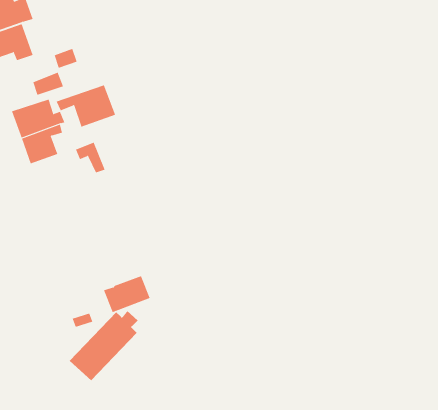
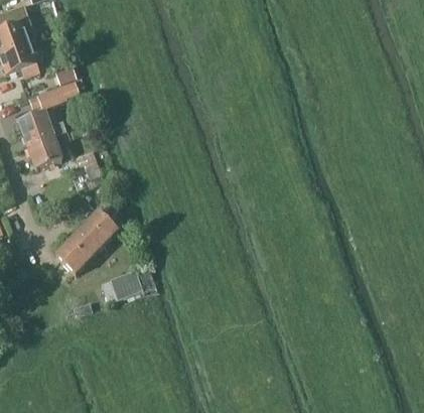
building: [56,84,116,128] -> none
building: [69,310,139,381] -> [54,211,117,274]

